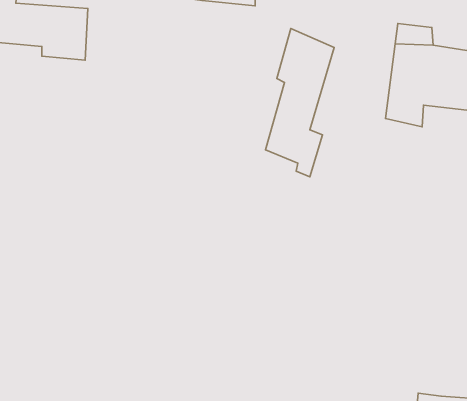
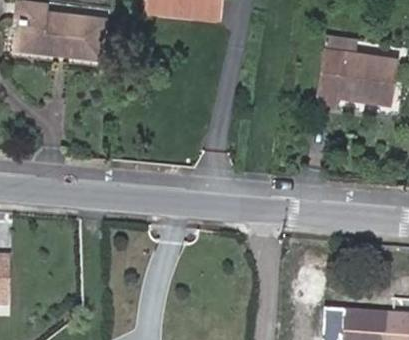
building: [266,28,334,177] -> none

